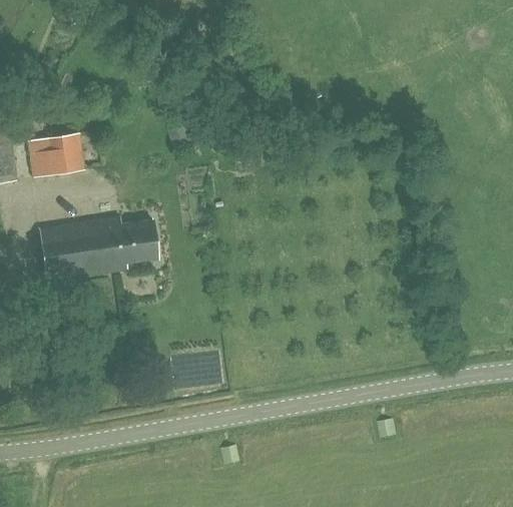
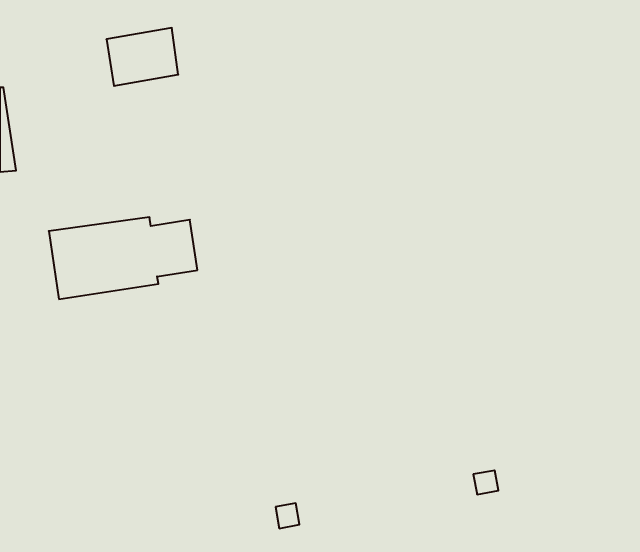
building: [28,131,85,177] -> [106,28,178,86]

